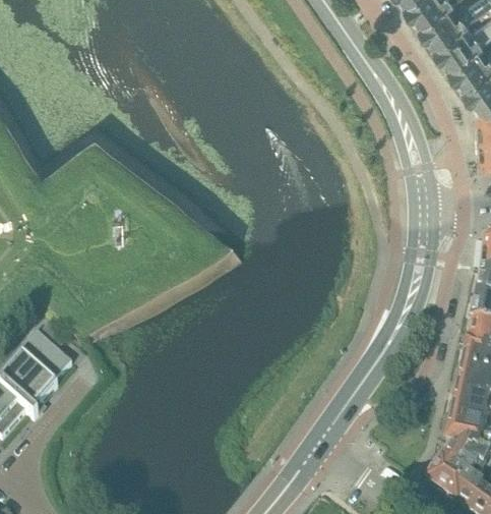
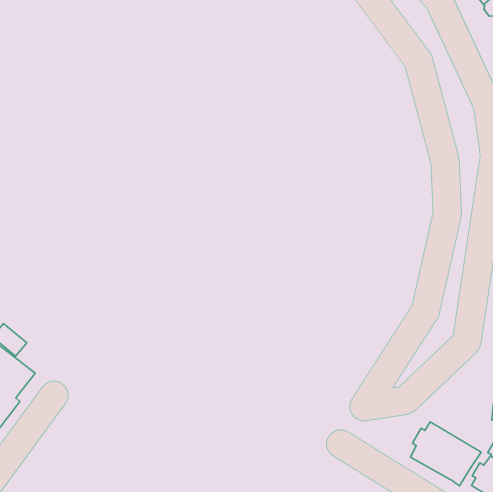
building: none -> [410,422,481,486]

